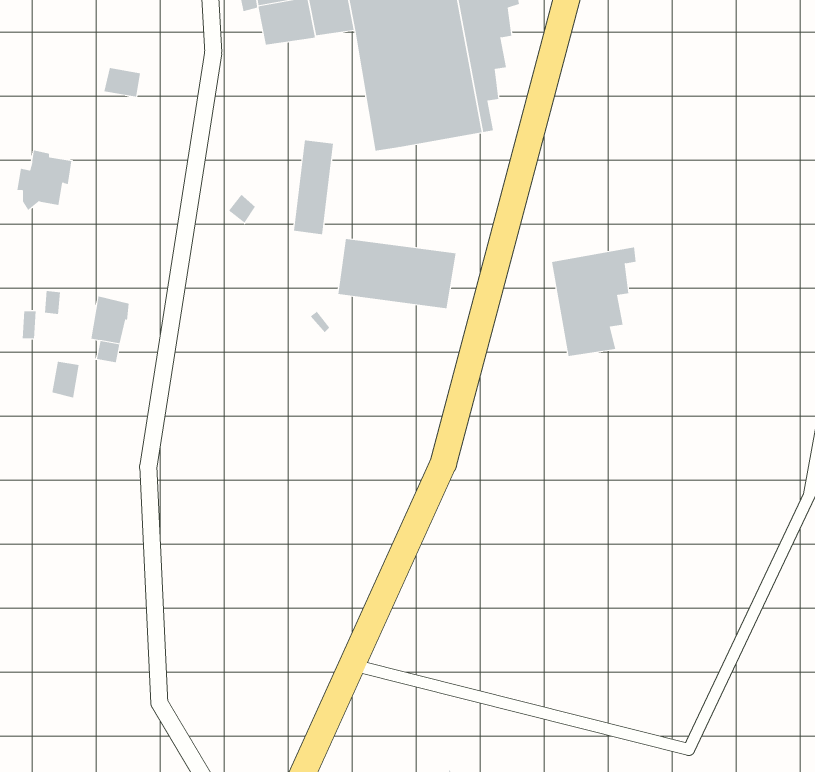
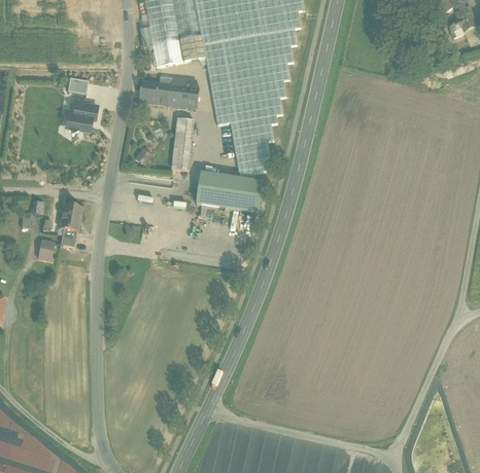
building: none -> [139,75,198,107]
building: [17,150,72,211] -> [65,100,96,134]
building: [551,247,637,357] -> [230,113,277,174]

